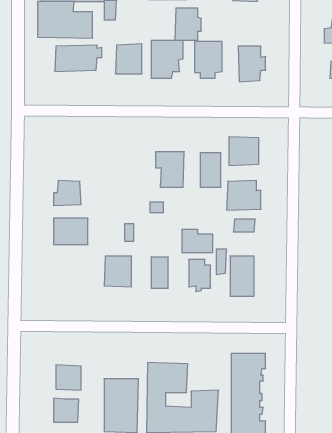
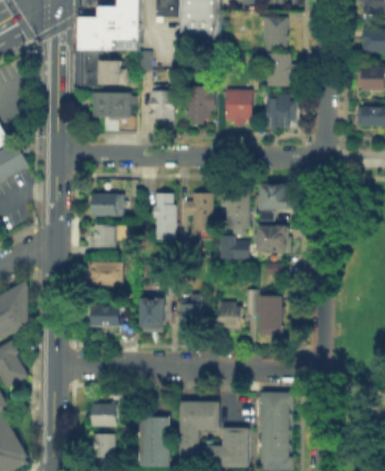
building: [175,8,201,40] -> [269,54,294,85]
building: none -> [91,194,128,217]
building: none -> [158,197,179,240]
building: [182,229,213,252] -> [221,236,251,258]
building: none -> [84,303,121,328]

